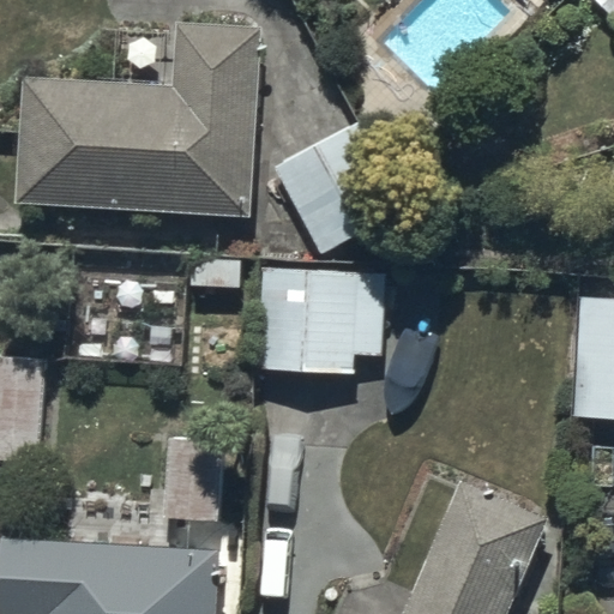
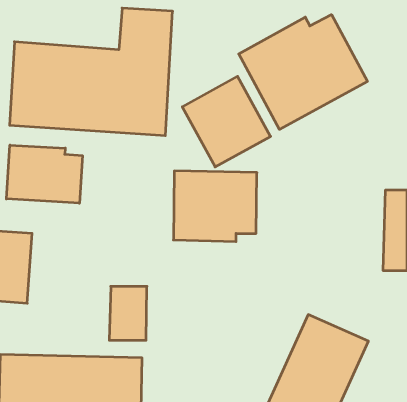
building: none -> [239,15,367,129]
building: none -> [6,145,82,203]

